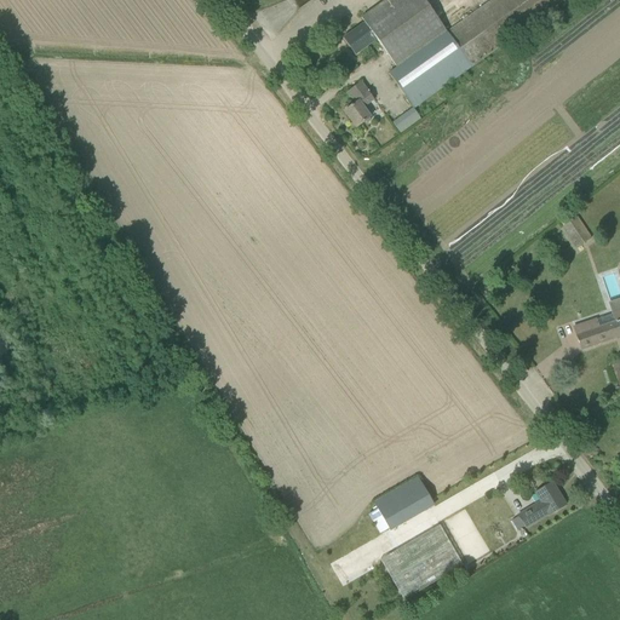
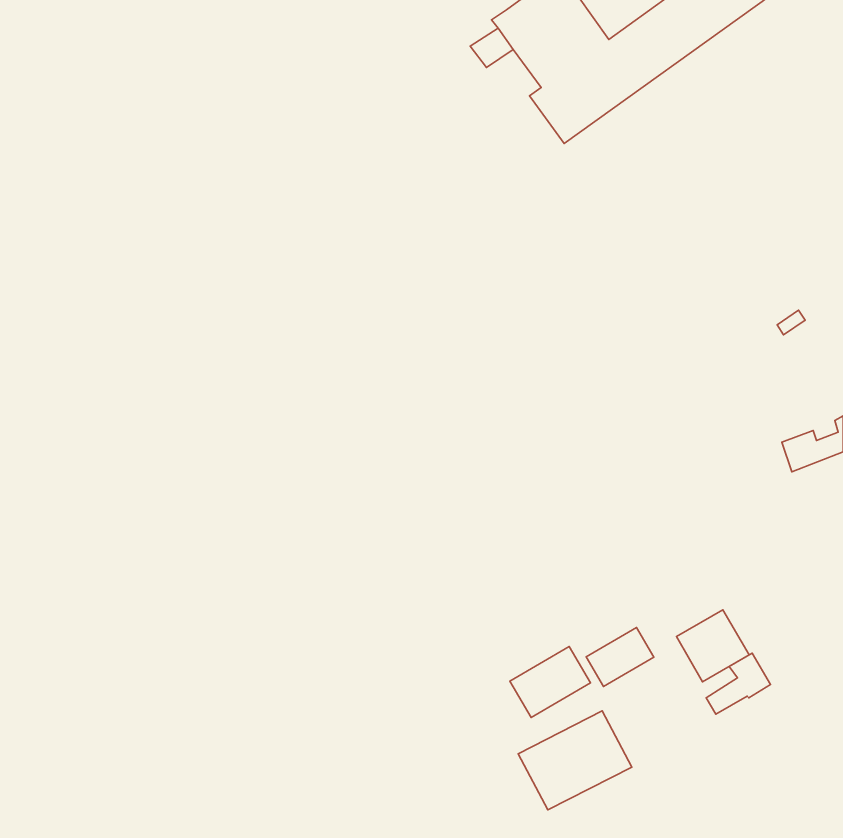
building: [344,79,374,125] -> none
building: none -> [676,610,749,682]
building: none -> [586,627,654,687]

